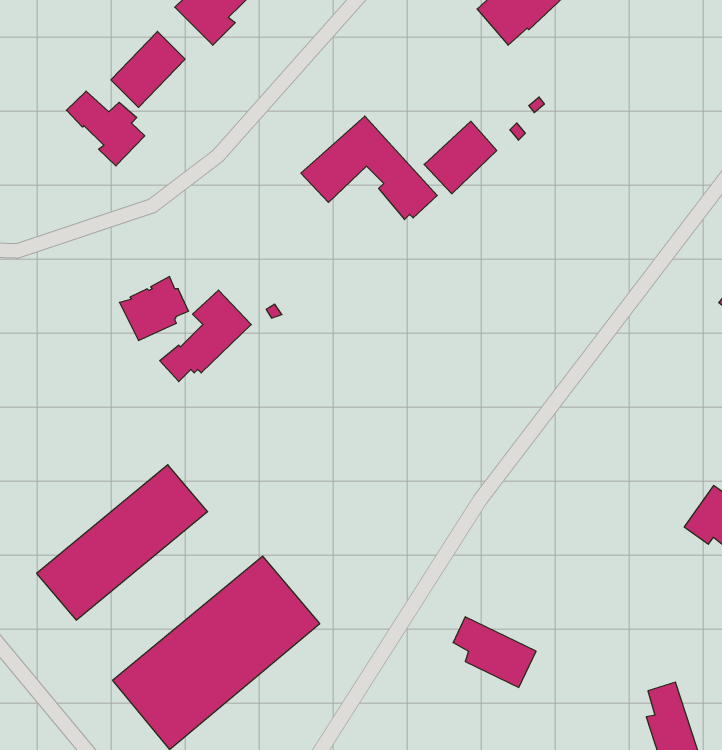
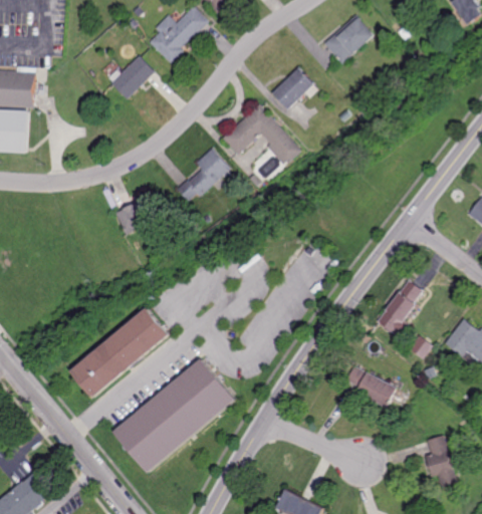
building: [66,91,145,166] -> none
building: [424,121,497,194] -> [272,67,314,109]
building: [160,290,251,382] -> [177,148,230,201]
building: none -> [374,278,430,357]
building: [453,617,536,687] -> [346,366,395,408]

